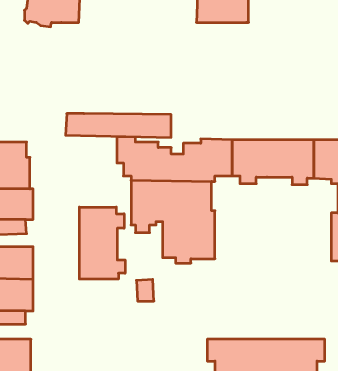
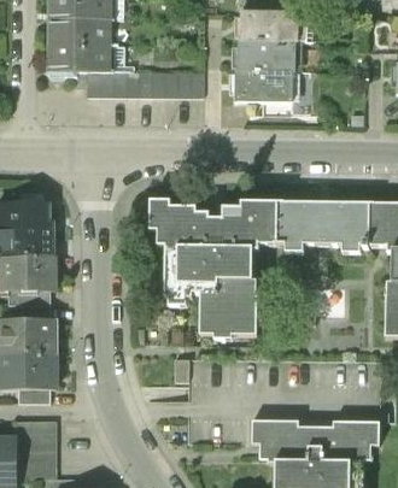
building: none -> [235,70,293,102]
building: [66,114,171,137] -> [87,71,204,98]
building: [79,207,125,279] -> none

